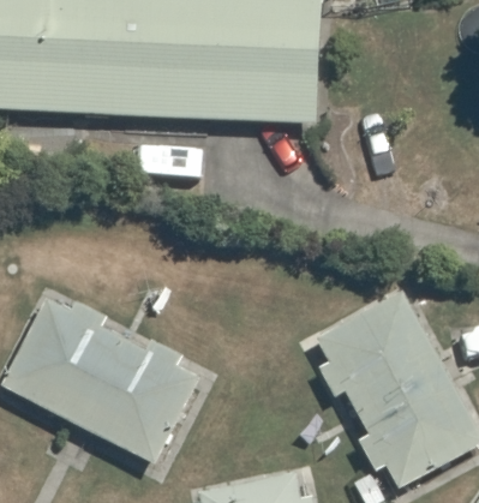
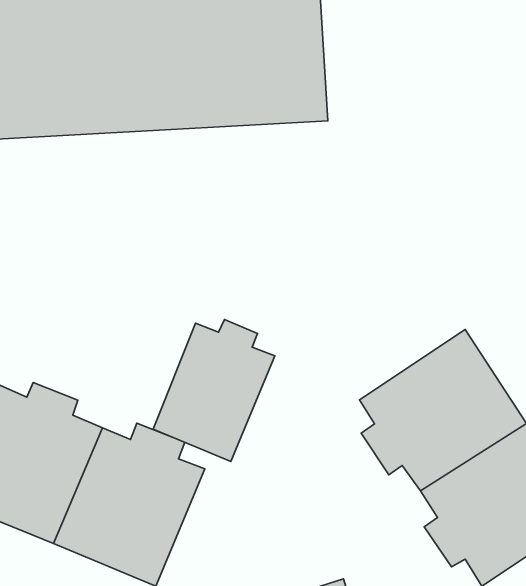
building: none -> [153,319,275,461]

